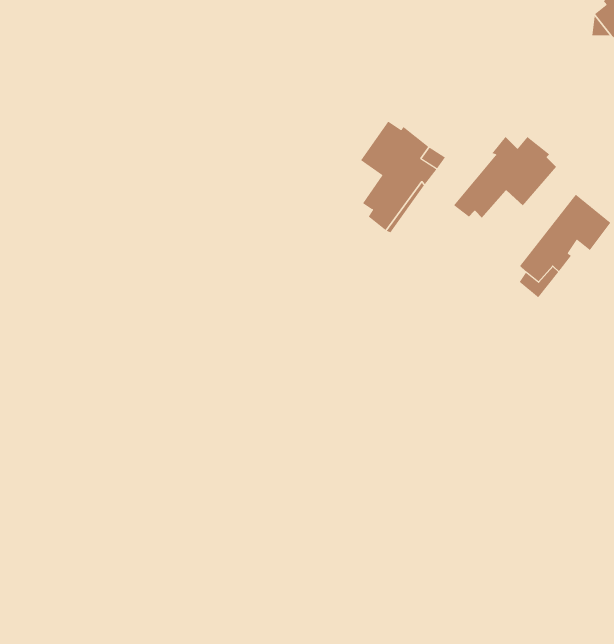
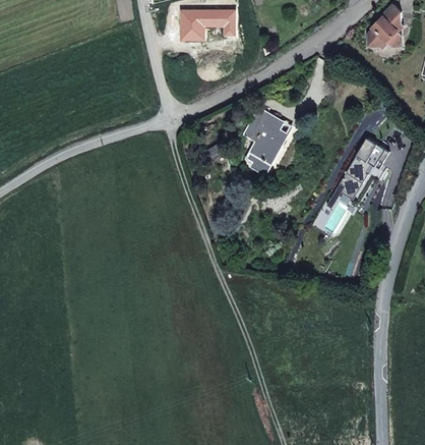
building: [453,136,557,218] -> none

